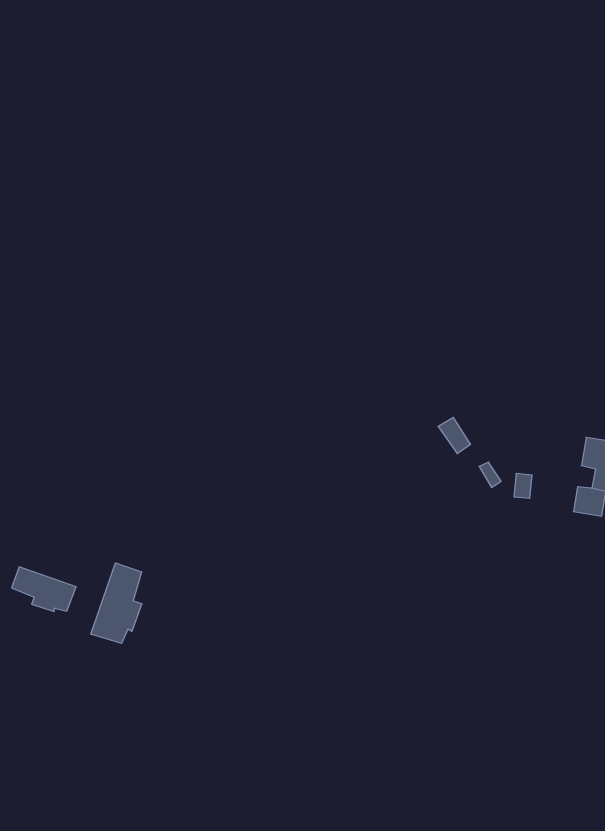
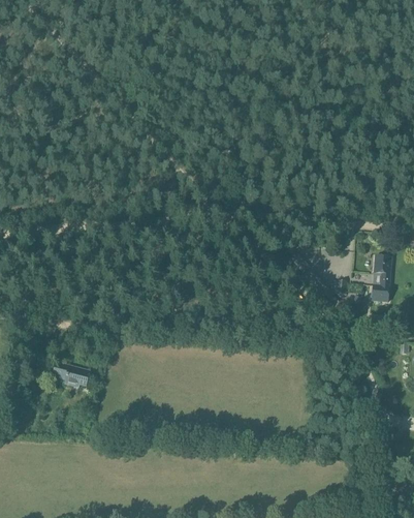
building: [91,563,142,643] -> none

